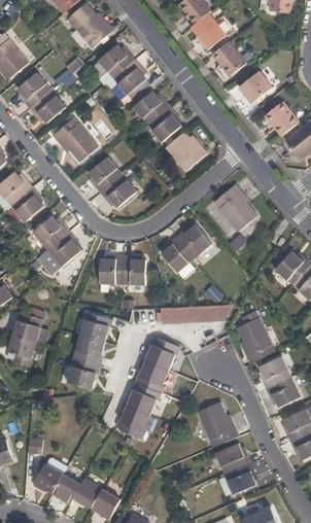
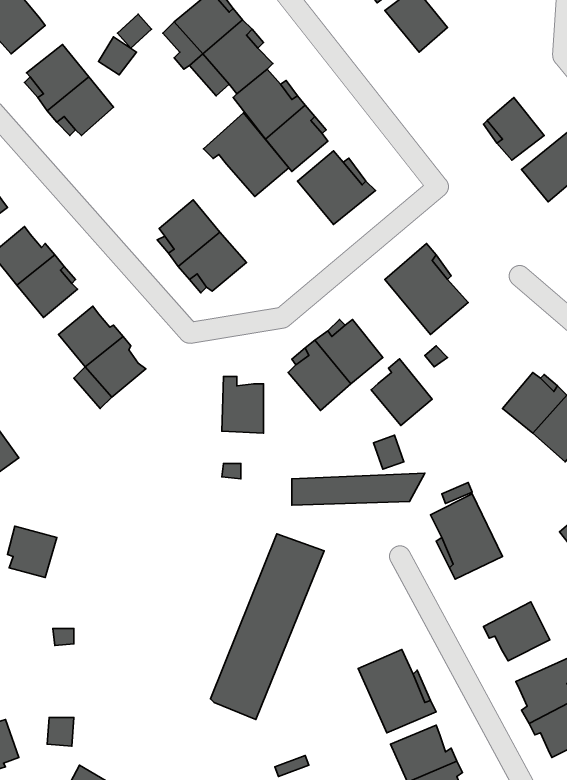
building: [238,72,271,104] -> none
building: [51,117,98,163] -> [204,113,289,196]
building: none -> [371,359,432,425]
building: [100,253,124,283] -> none
building: [10,313,39,341] -> none
building: [67,320,108,389] -> none
building: [258,356,290,389] -> none

